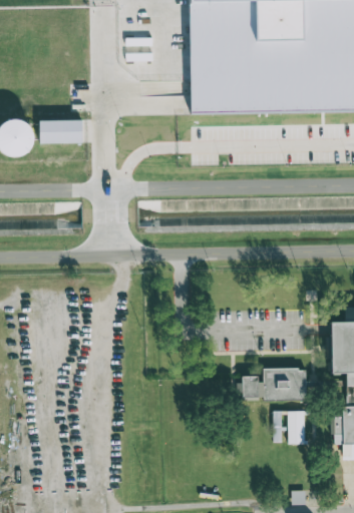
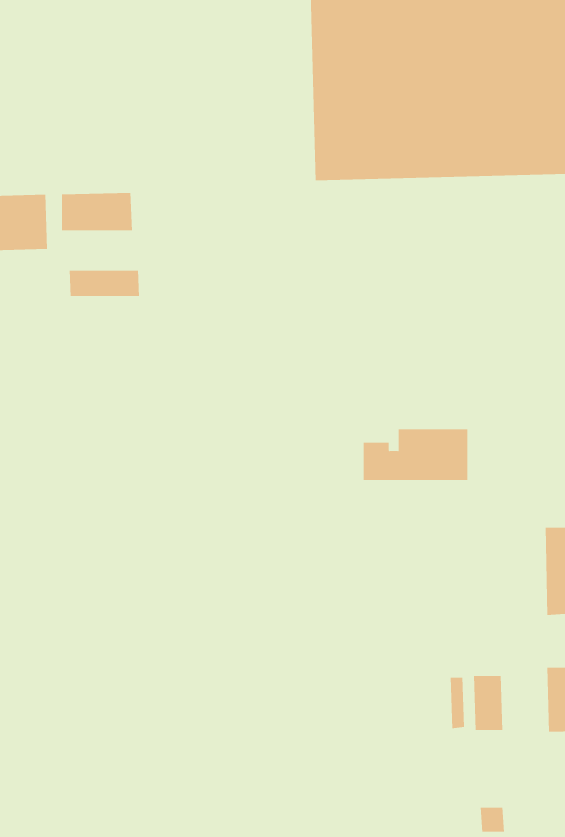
building: none -> [69,270,140,297]
building: [242,369,305,400] -> [363,429,468,481]

